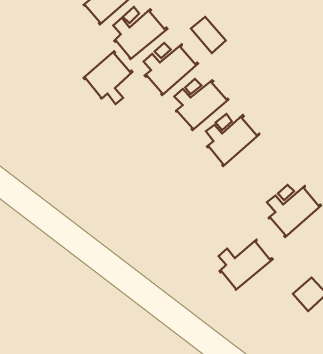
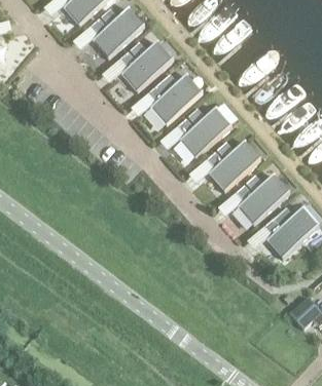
building: [191,17,226,53] -> none
building: [84,51,132,104] -> none
building: [218,240,273,290] -> [237,176,288,223]

